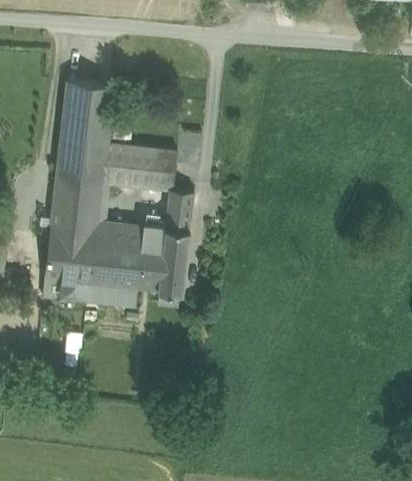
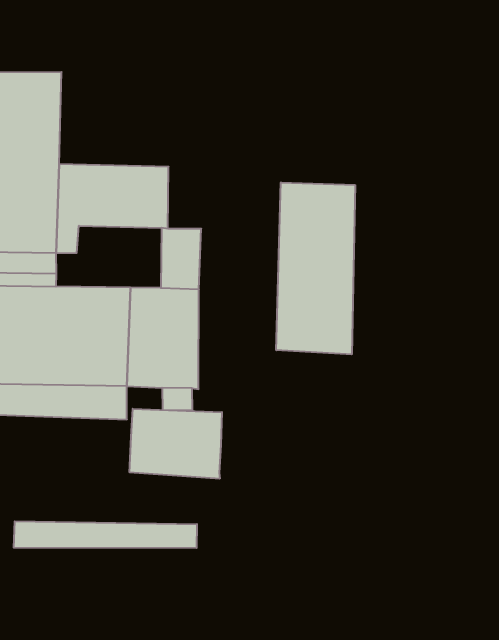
building: none -> [276,182,355,354]
building: none -> [130,409,222,479]
building: none -> [14,521,197,548]

